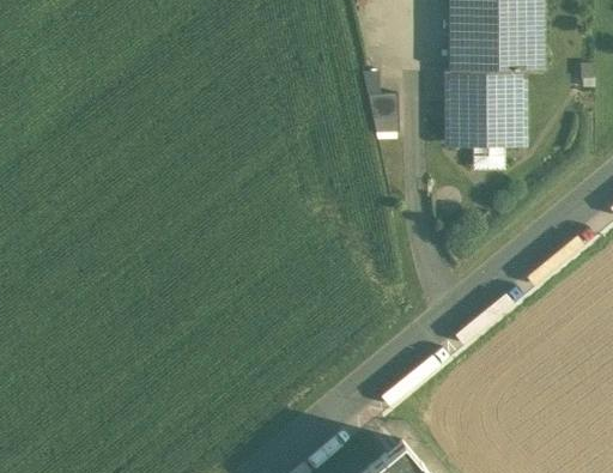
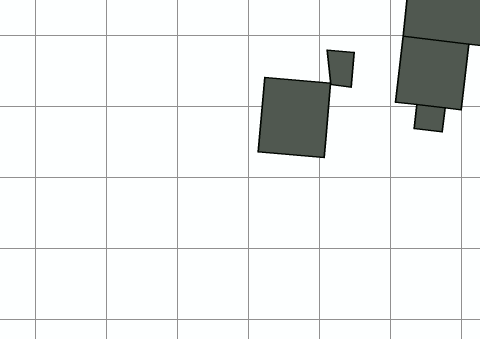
building: none -> [258,78,331,157]

